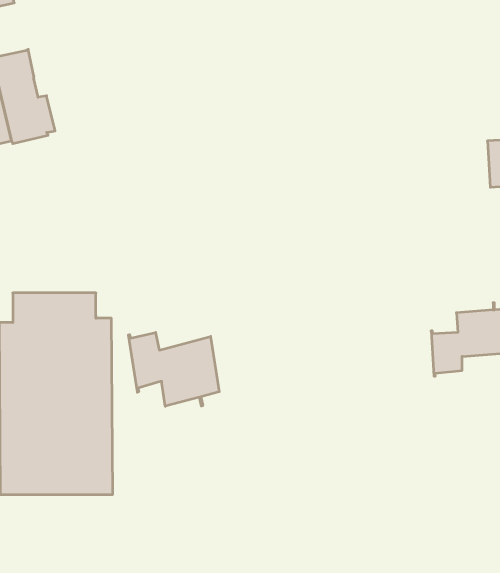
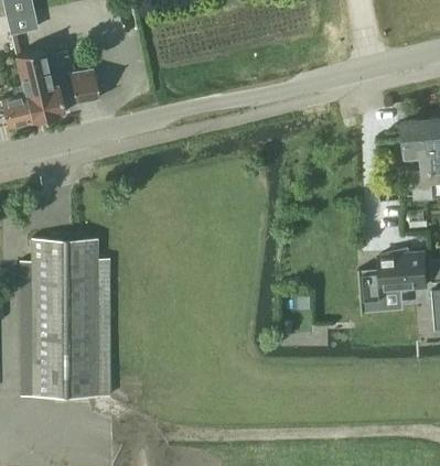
building: none -> [71,73,98,104]
building: [128,332,219,406] -> none

